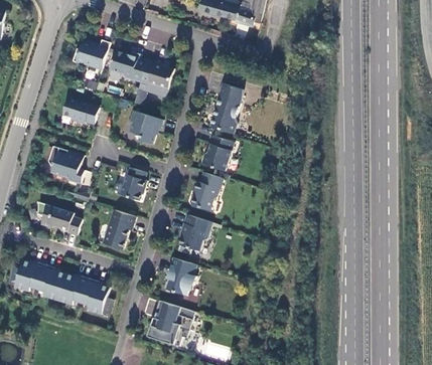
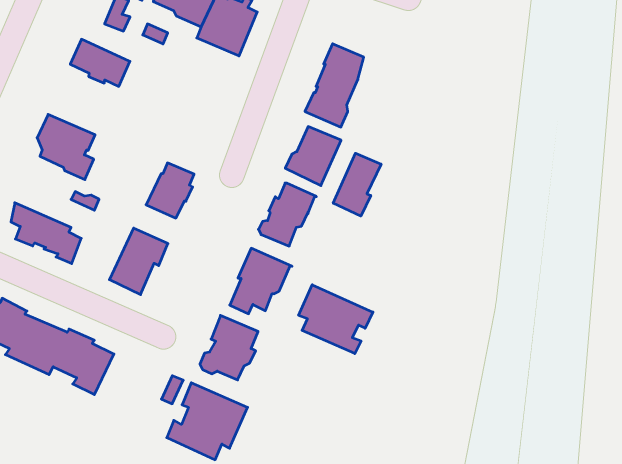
building: [129,110,162,144] -> none
building: none -> [333,153,381,216]
building: none -> [299,285,373,354]

